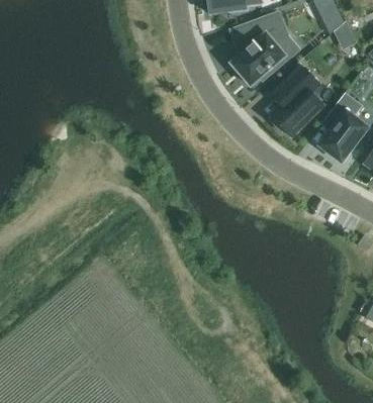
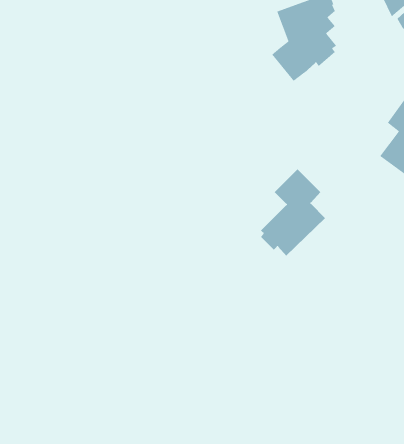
building: [270,65,323,136] -> [260,169,326,257]

